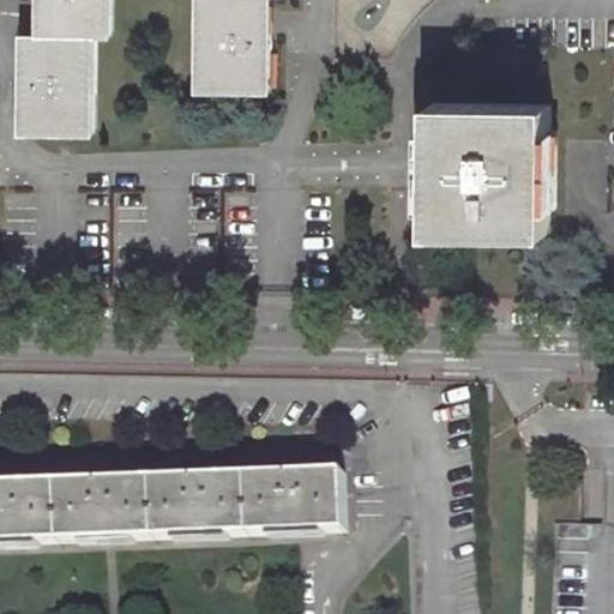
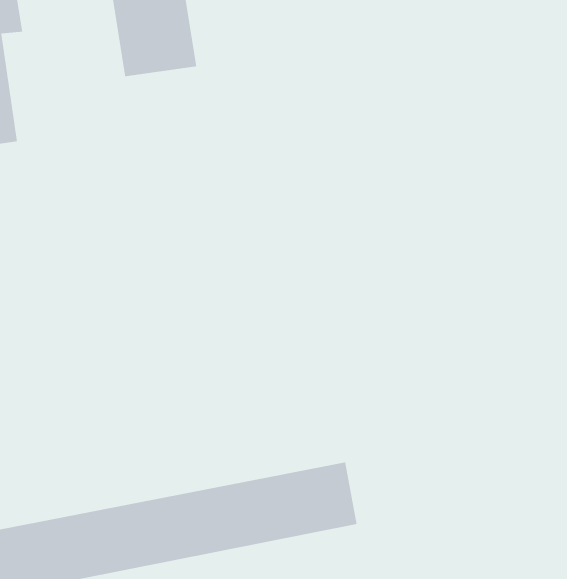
building: [419,98,542,231] -> none

